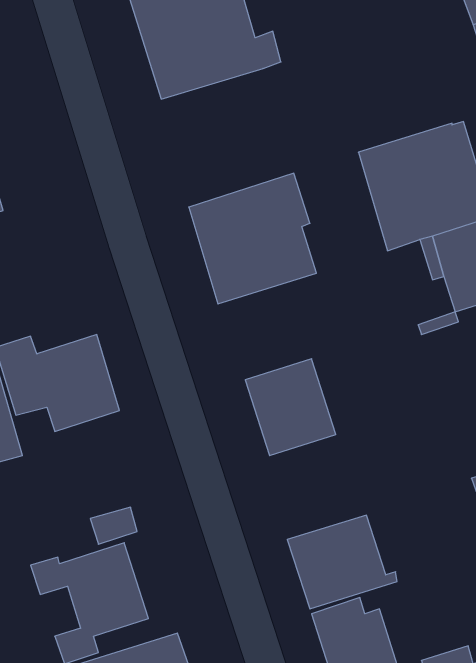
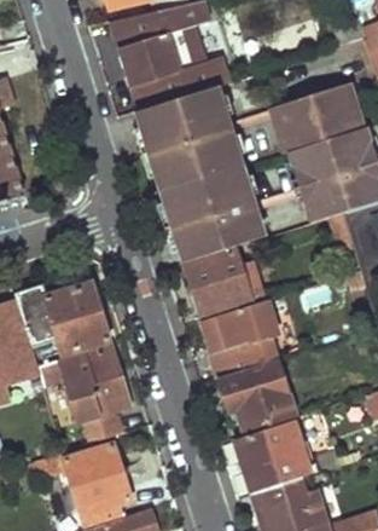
building: none -> [274,83,357,148]
building: none -> [135,85,239,189]
building: none -> [186,247,251,314]
building: none -> [39,348,129,420]
building: none -> [219,360,295,429]

